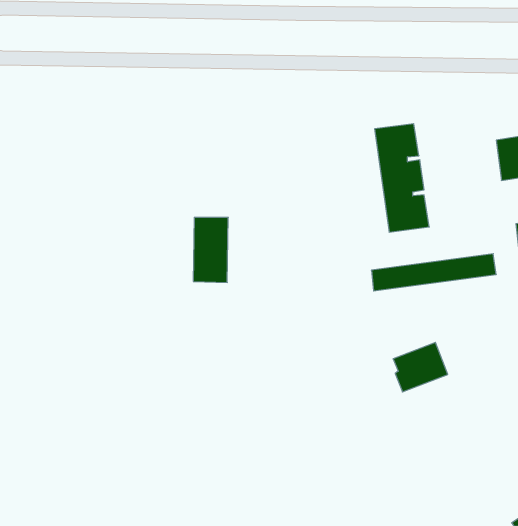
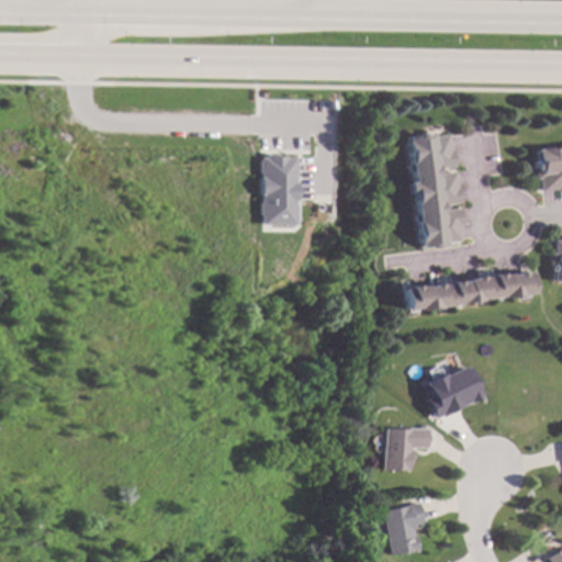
building: [193,217,228,282] -> [260,156,297,225]
building: none -> [387,426,431,470]
building: none -> [389,503,429,554]

